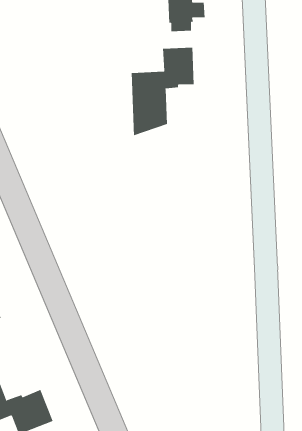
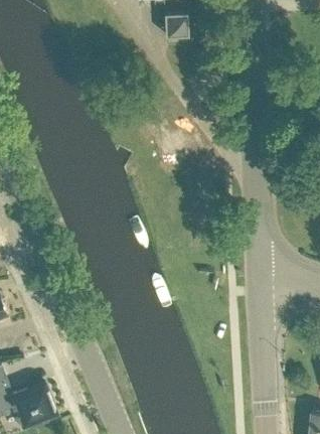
building: [131,47,194,136] -> none

